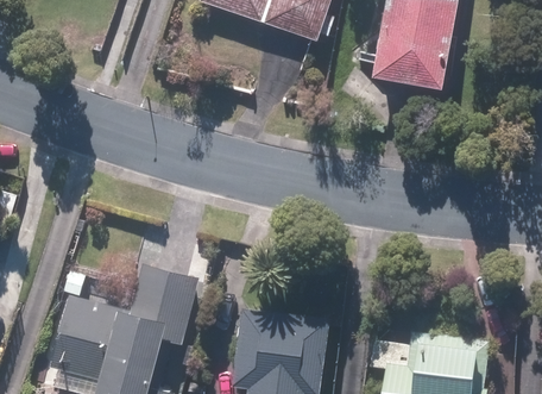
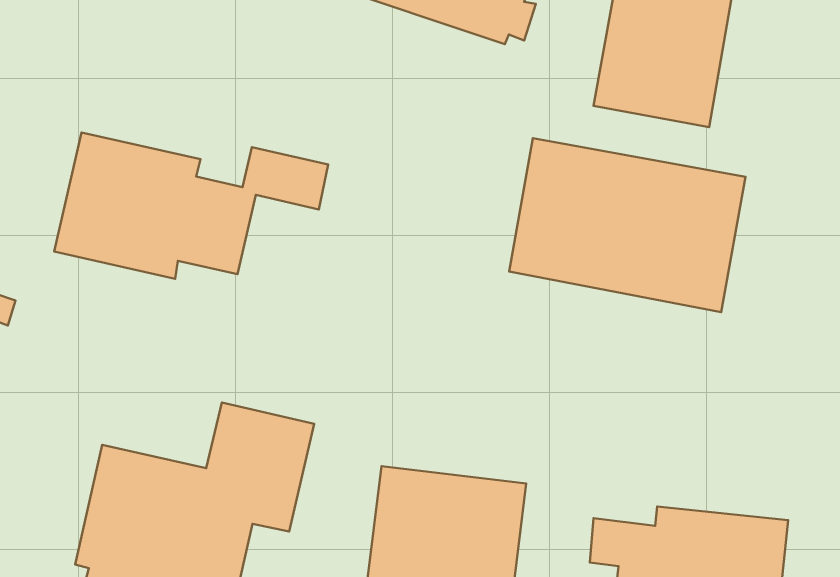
building: none -> [54,132,328,279]
building: none -> [509,138,745,312]

